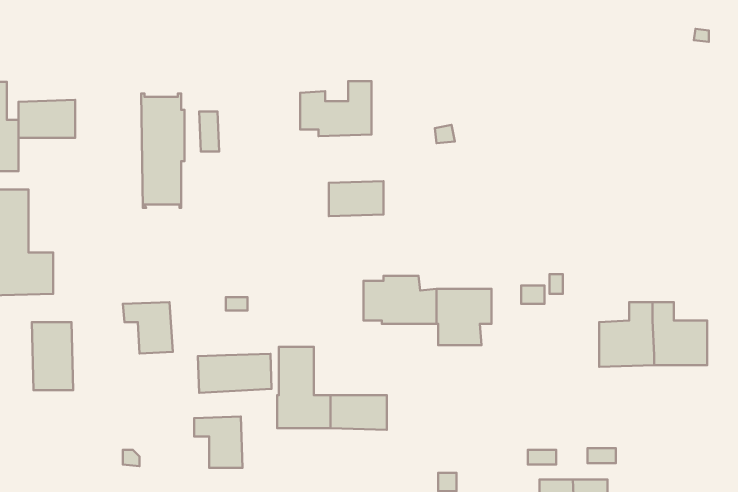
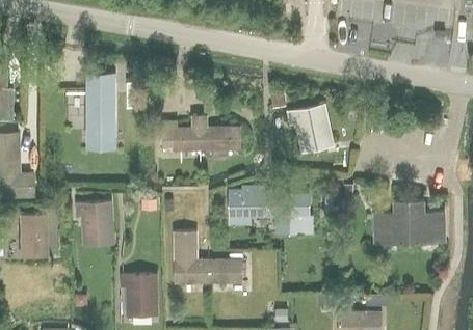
building: [300,81,371,136] -> [162,116,207,150]
building: [18,100,75,138] -> none
building: none -> [291,107,326,142]
building: [198,354,272,393] -> none

